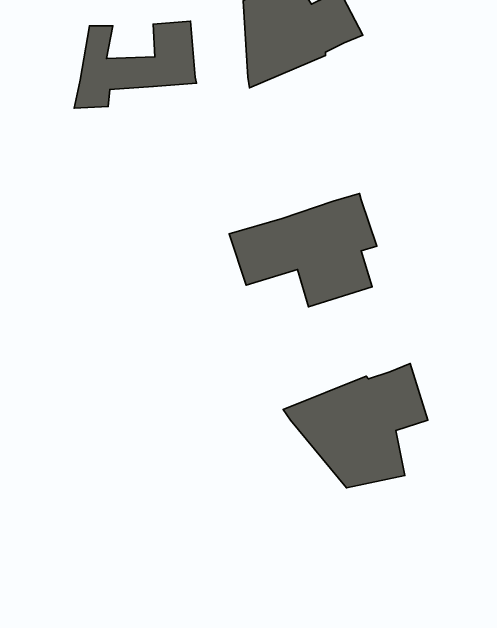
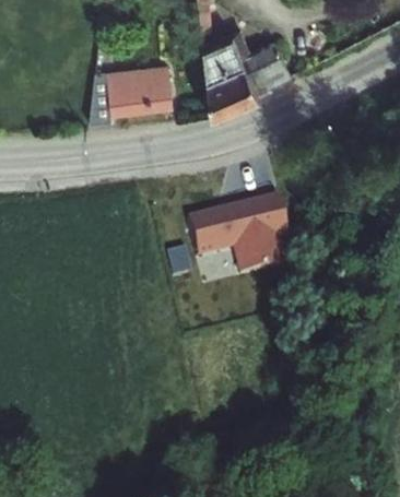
building: [283,363,428,488] -> none

